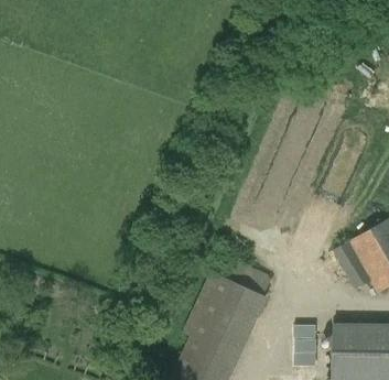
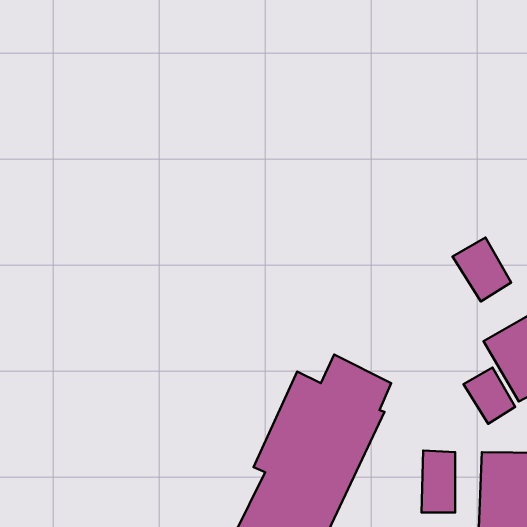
building: none -> [453,237,511,302]
building: none -> [463,367,515,424]

